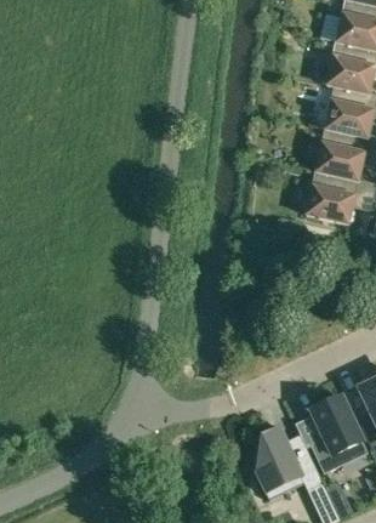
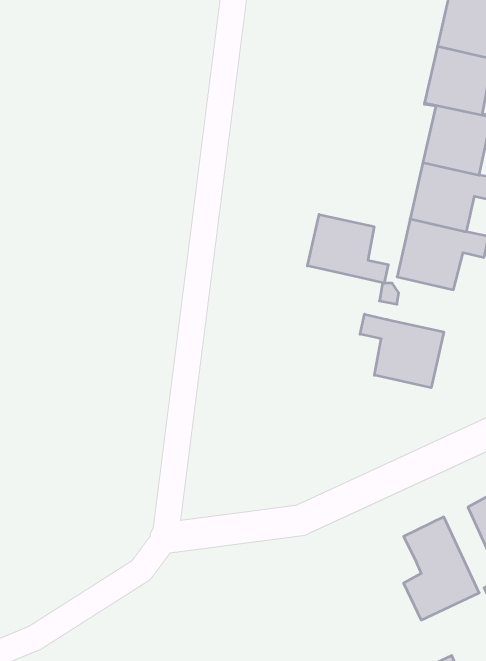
building: none -> [307,214,388,283]
building: none -> [360,314,444,388]
building: [255,423,323,493] -> none

